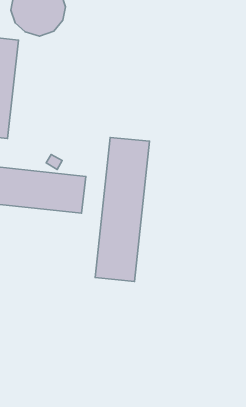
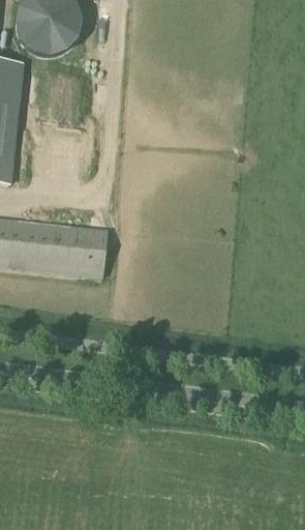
building: [95,137,149,281] -> none

